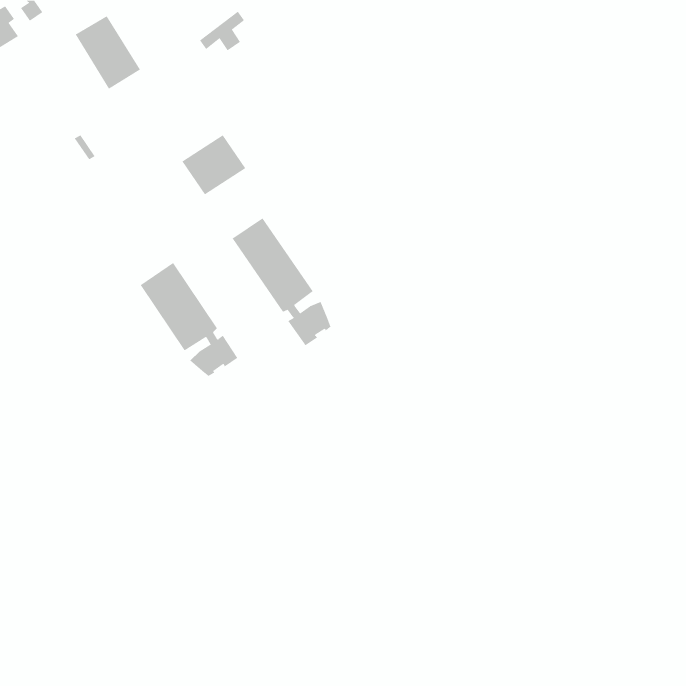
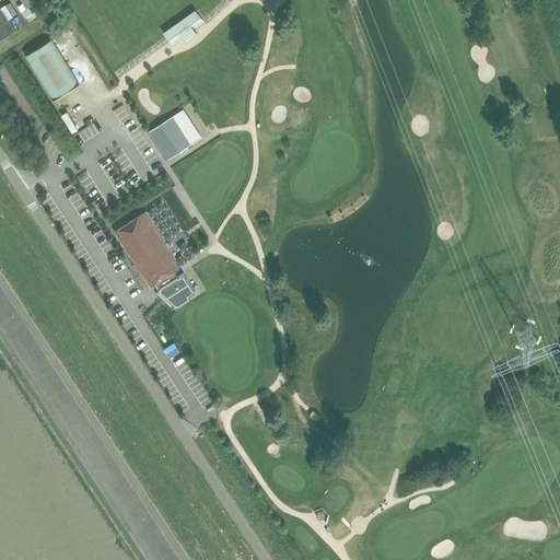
building: [75,16,141,90] -> [24,40,78,101]
building: [232,217,331,346] -> none

